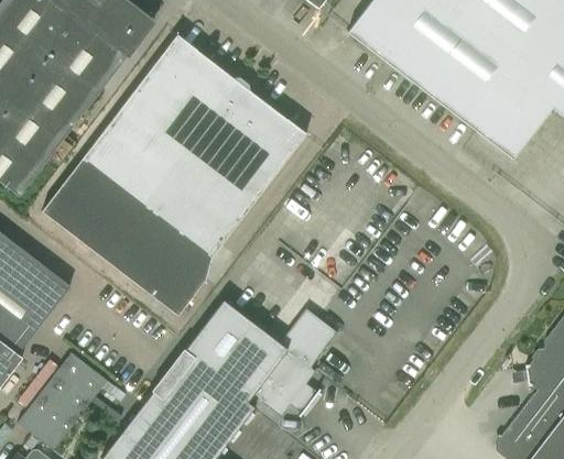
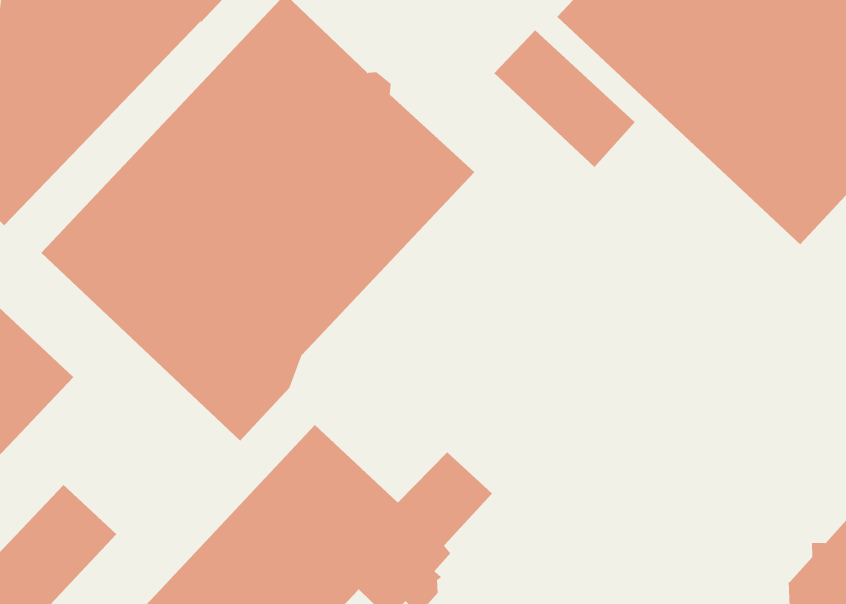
building: none -> [494,30,636,168]

